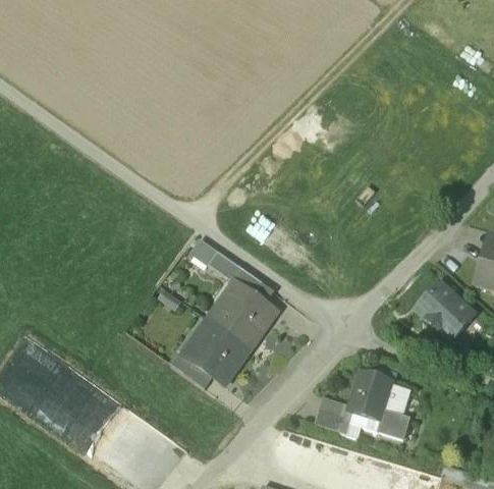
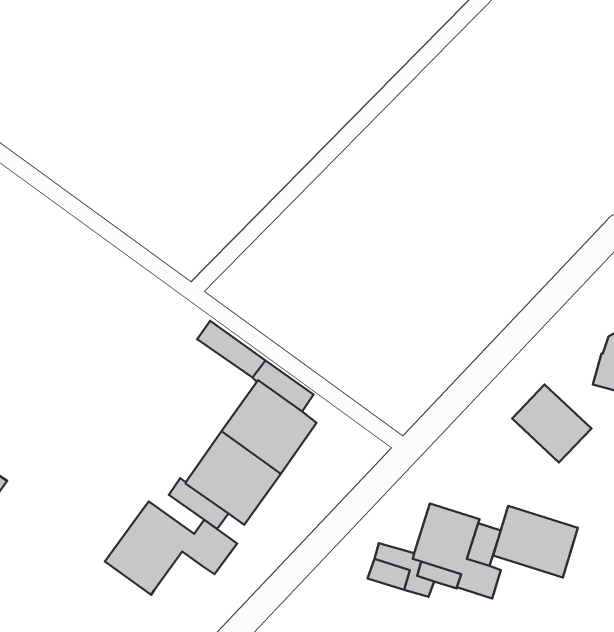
building: none -> [105,502,237,595]
building: none -> [493,506,578,578]

